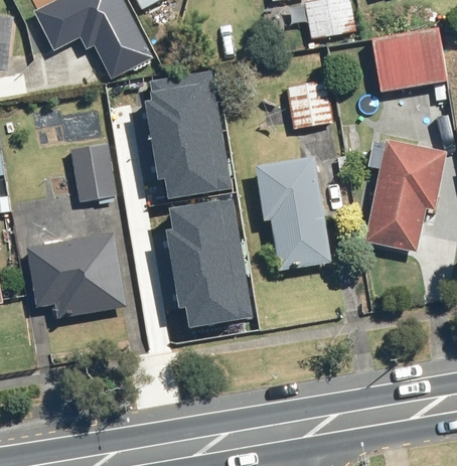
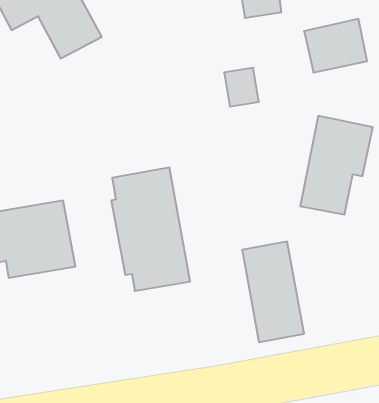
building: [148,63,233,196] -> none
building: [70,148,112,202] -> none
building: [259,163,325,271] -> [242,242,304,342]

